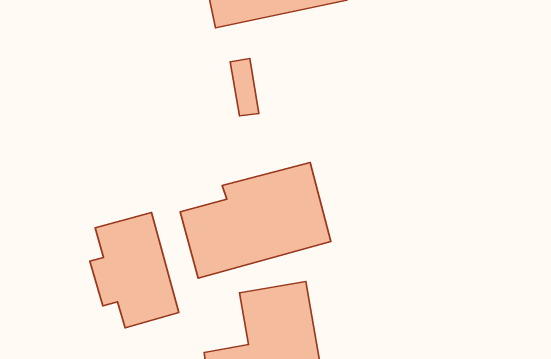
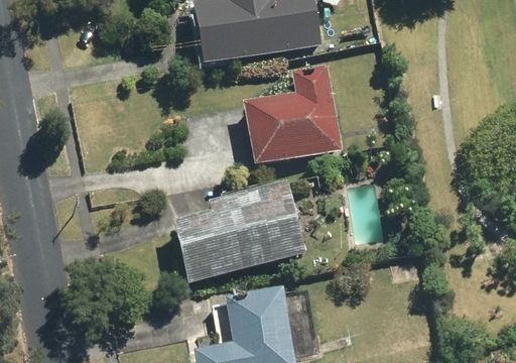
building: none -> [244,64,342,163]
building: [90,212,179,328] -> none

